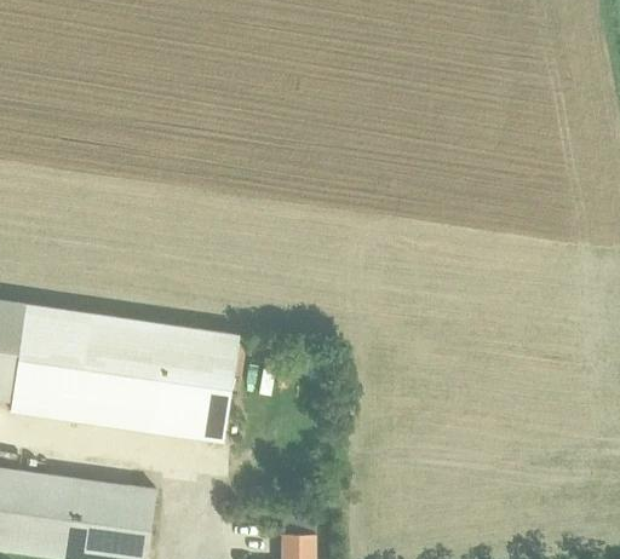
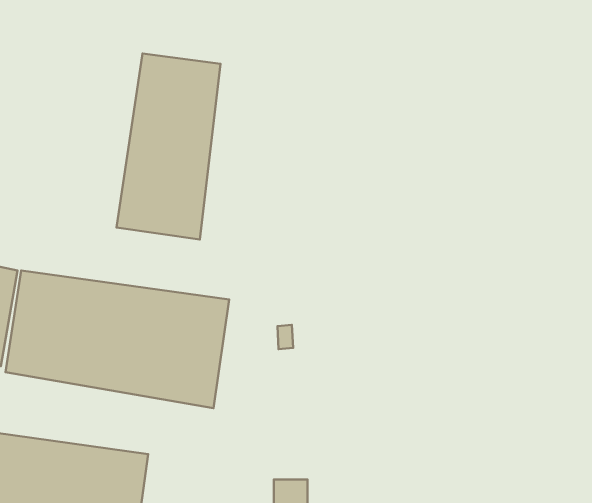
building: none -> [117,54,220,240]

